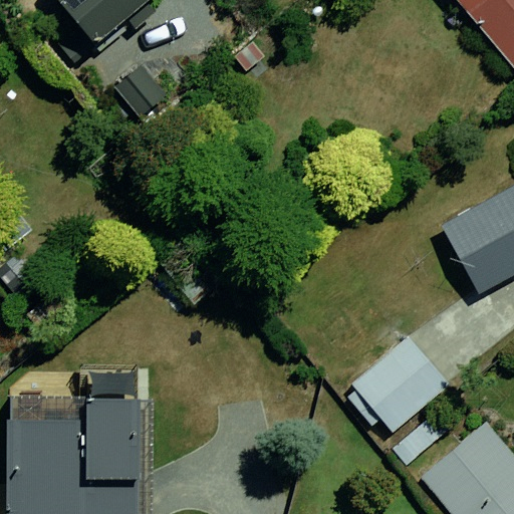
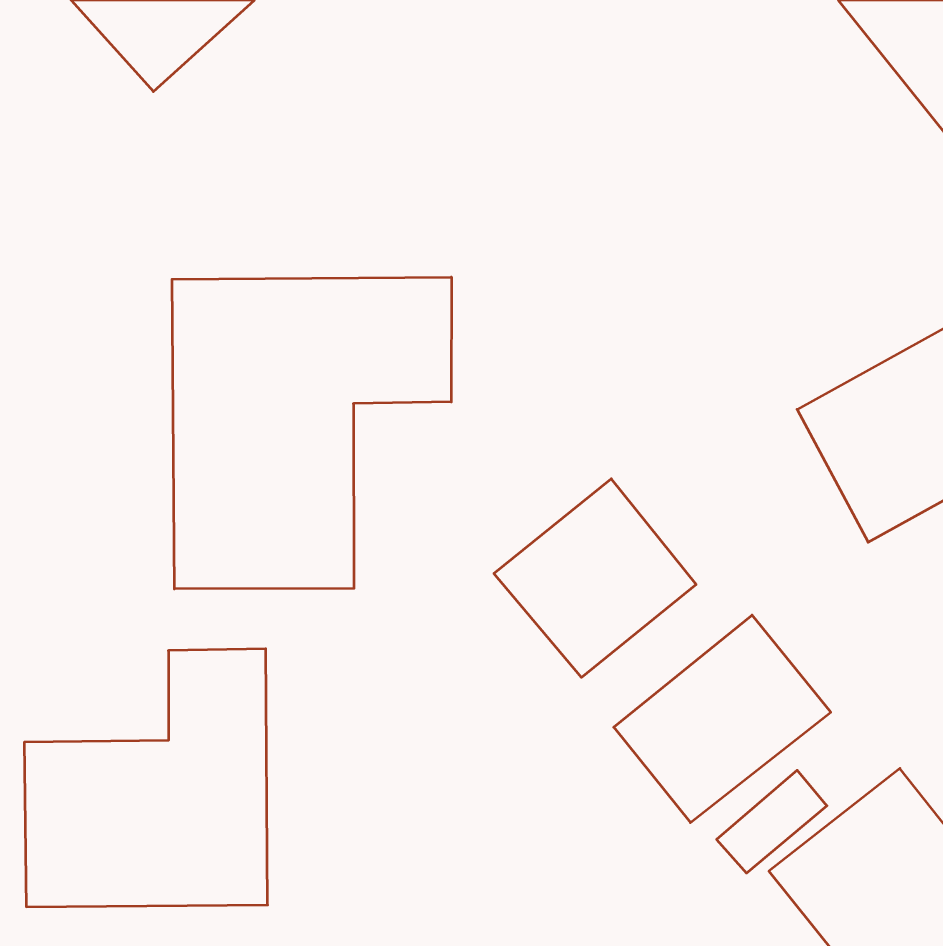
building: none -> [172,277,451,589]
building: none -> [494,479,696,677]

